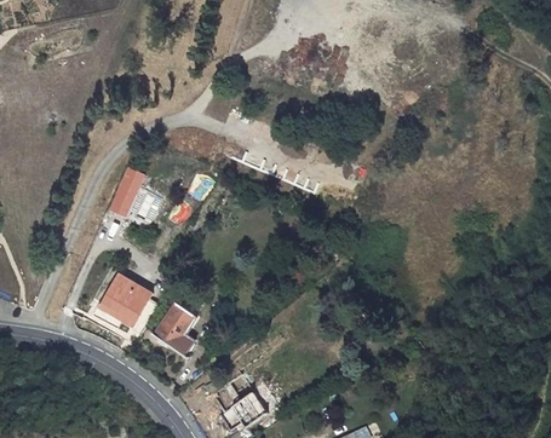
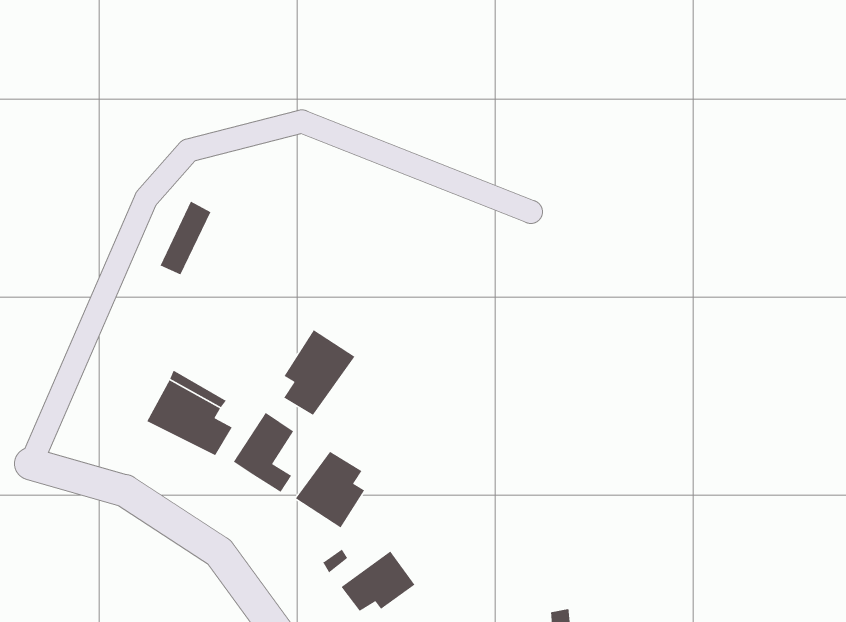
building: none -> [283,329,356,416]
building: none -> [295,451,365,528]

